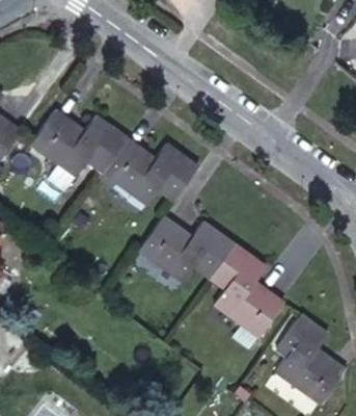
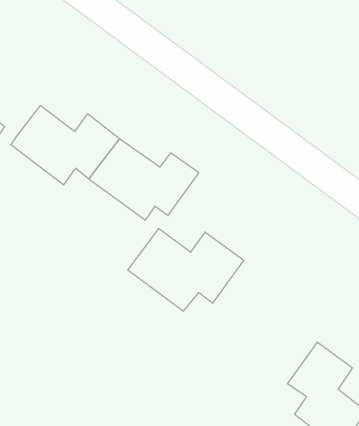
building: [206,244,279,339] -> none

